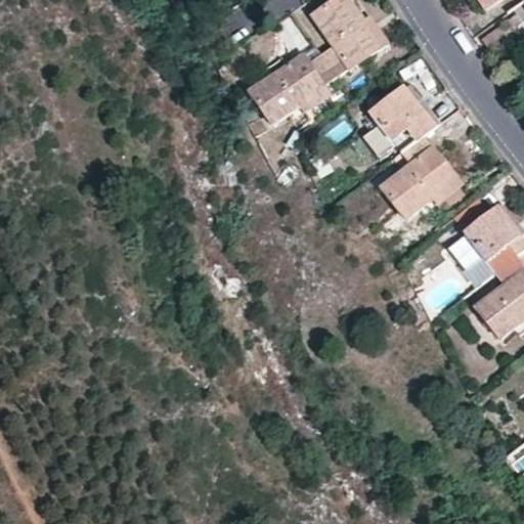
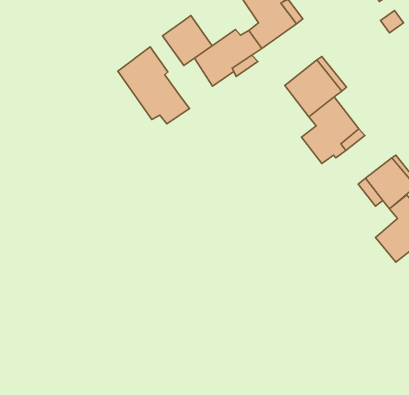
building: none -> [162,16,212,65]
building: none -> [118,47,190,124]

